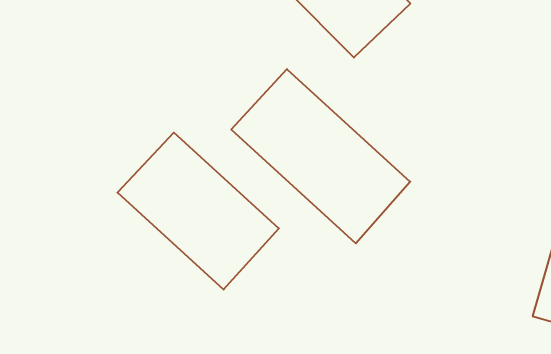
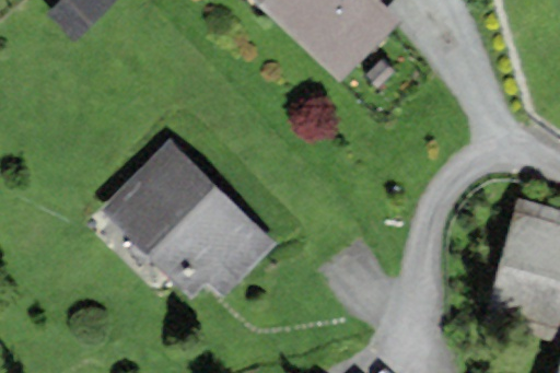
building: [231,69,410,243] -> none

